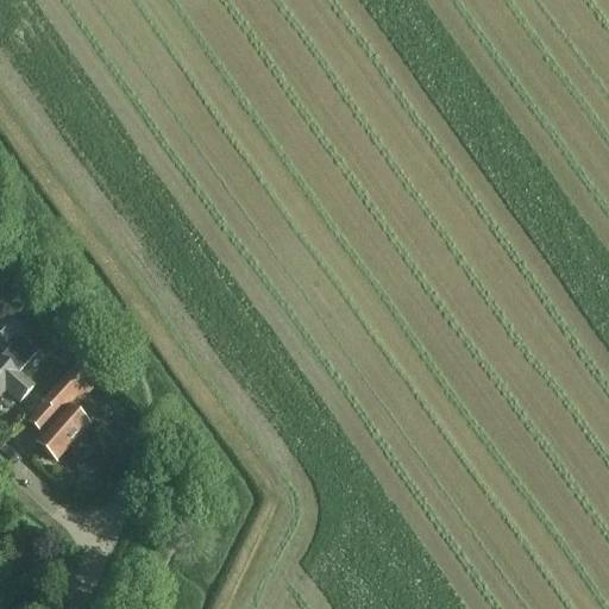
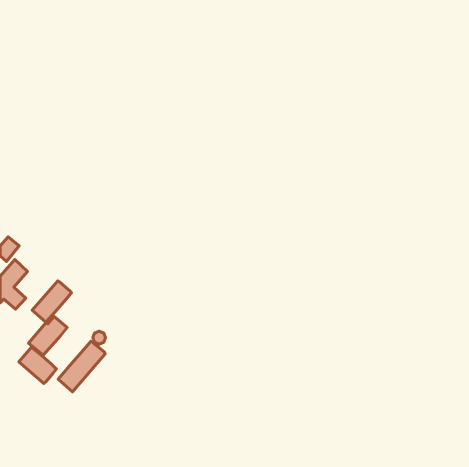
building: none -> [58,341,105,392]
building: none -> [19,347,57,383]

